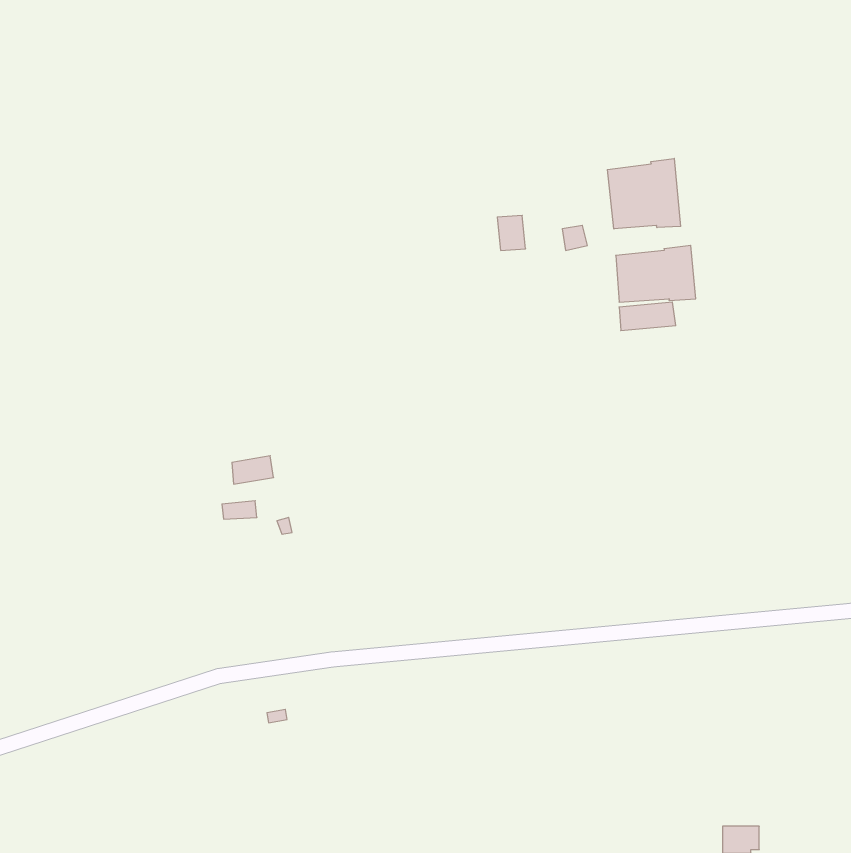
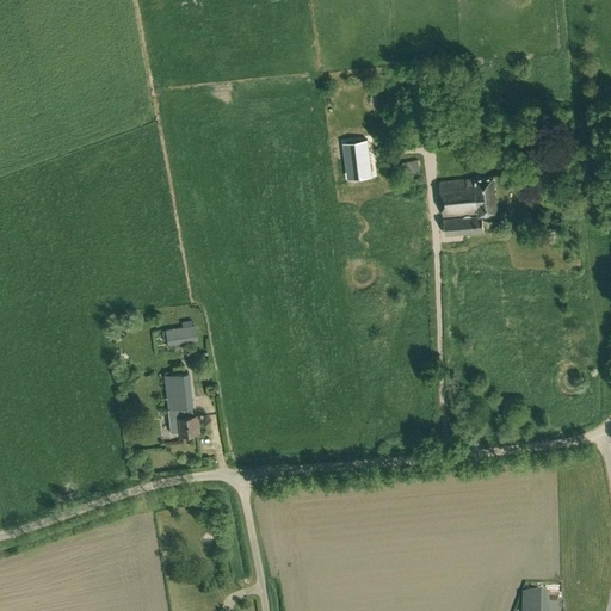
building: [607,158,681,229] -> none
building: none -> [165,375,198,434]

